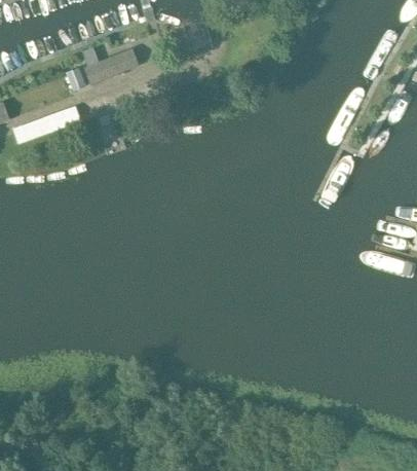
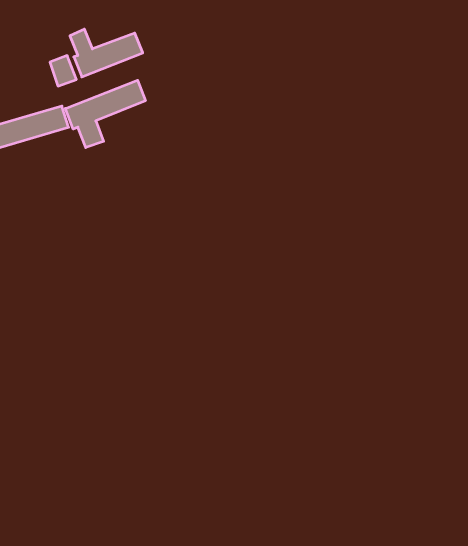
building: none -> [65,80,145,148]

